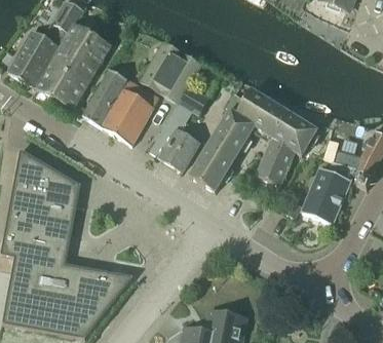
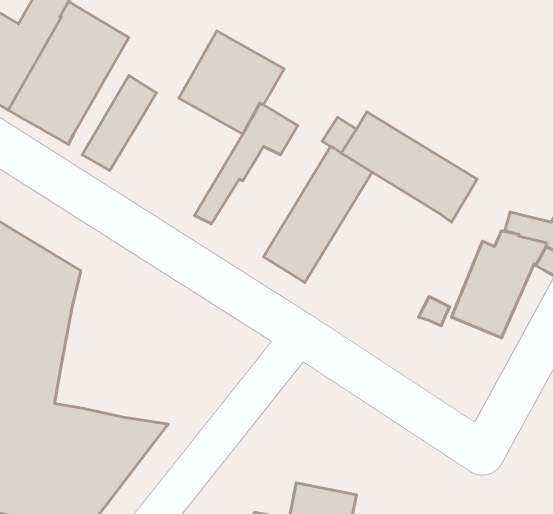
building: [99,77,159,144] -> none
building: [159,129,198,170] -> none
building: [257,137,295,185] -> none

